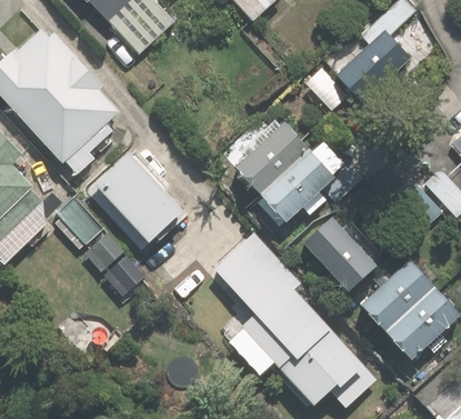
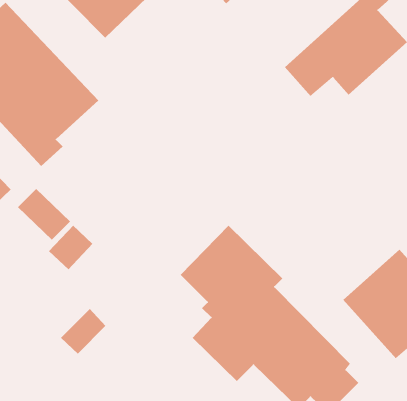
building: [232,114,351,223] -> none
building: [100,154,192,242] -> none
building: [305,212,382,290] -> none

